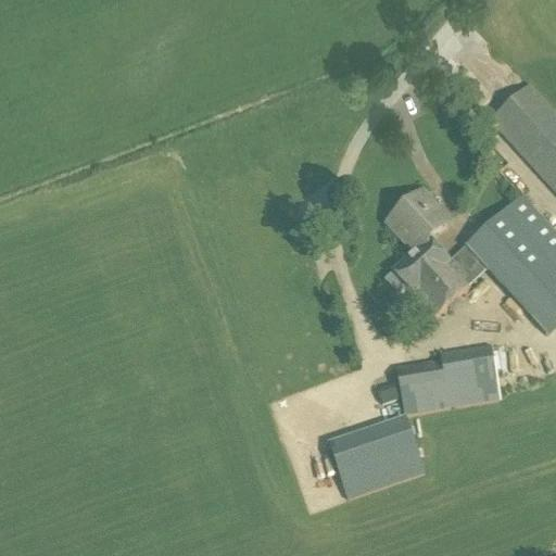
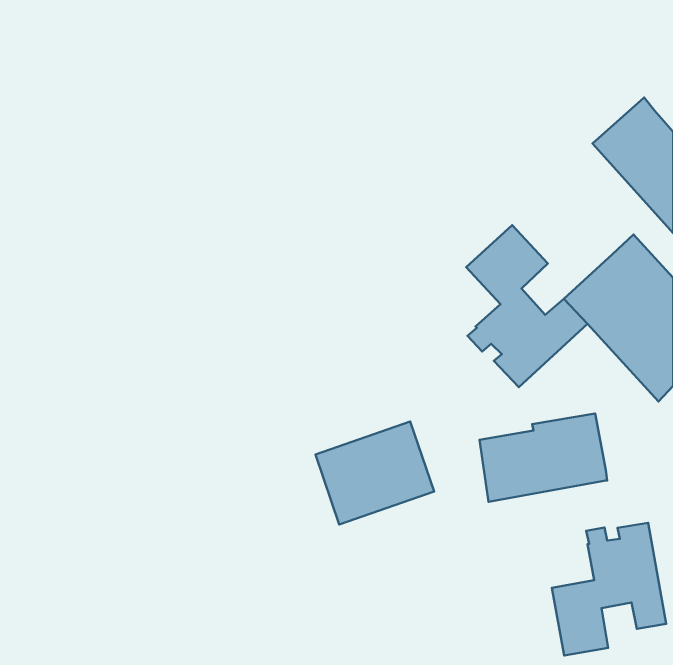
building: [327,414,425,498] -> [315,422,434,524]
building: none -> [552,523,666,655]

